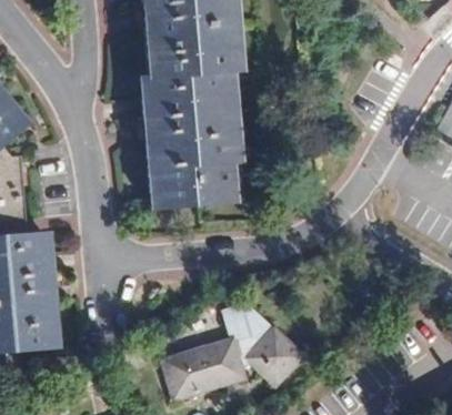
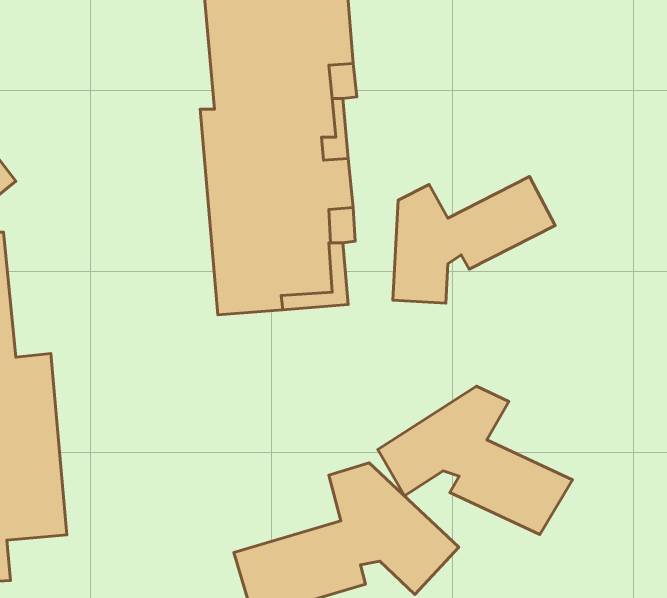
building: none -> [393,176,555,303]
building: none -> [378,386,573,534]

